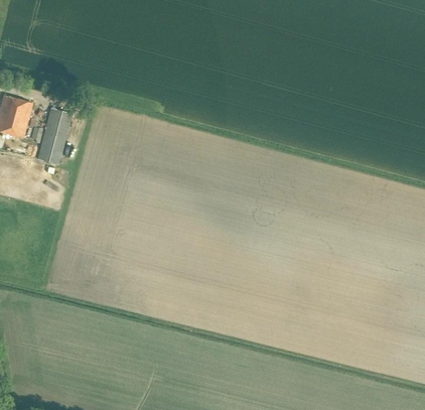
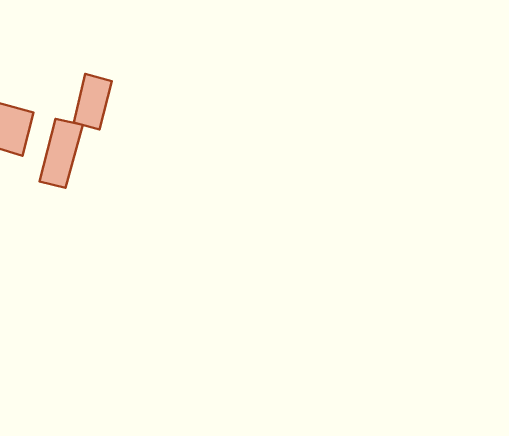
building: none -> [74,74,112,129]

